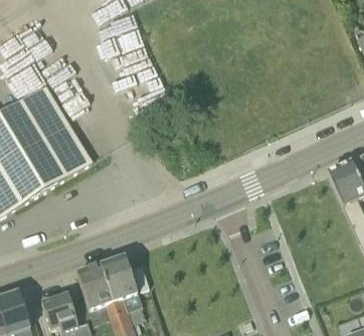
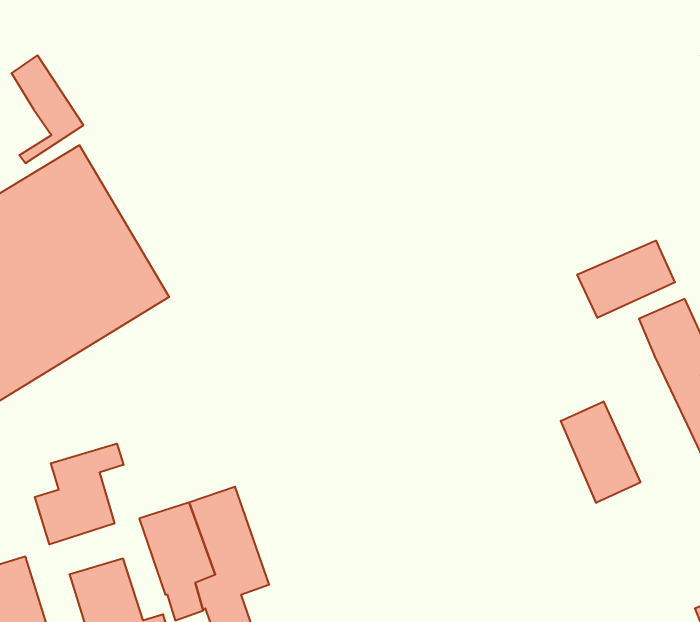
building: none -> [577,241,675,318]
building: none -> [561,401,640,503]
building: none -> [35,444,124,544]

